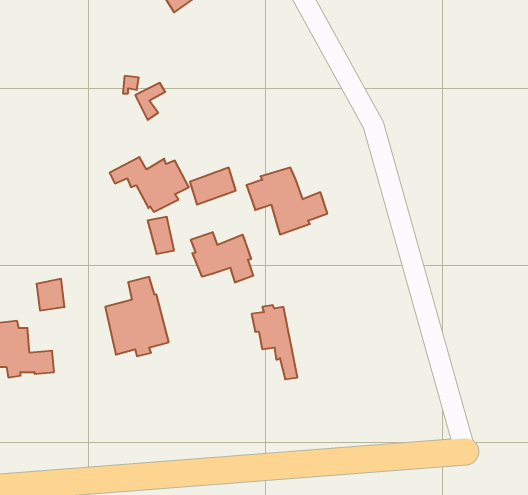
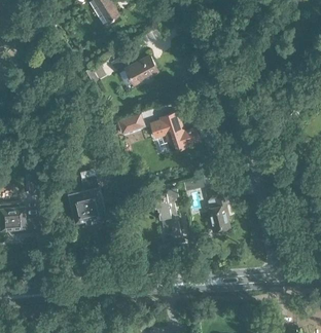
building: [110,157,189,212] -> [111,54,157,86]
building: [191,232,253,283] -> none
building: none -> [204,187,227,232]

